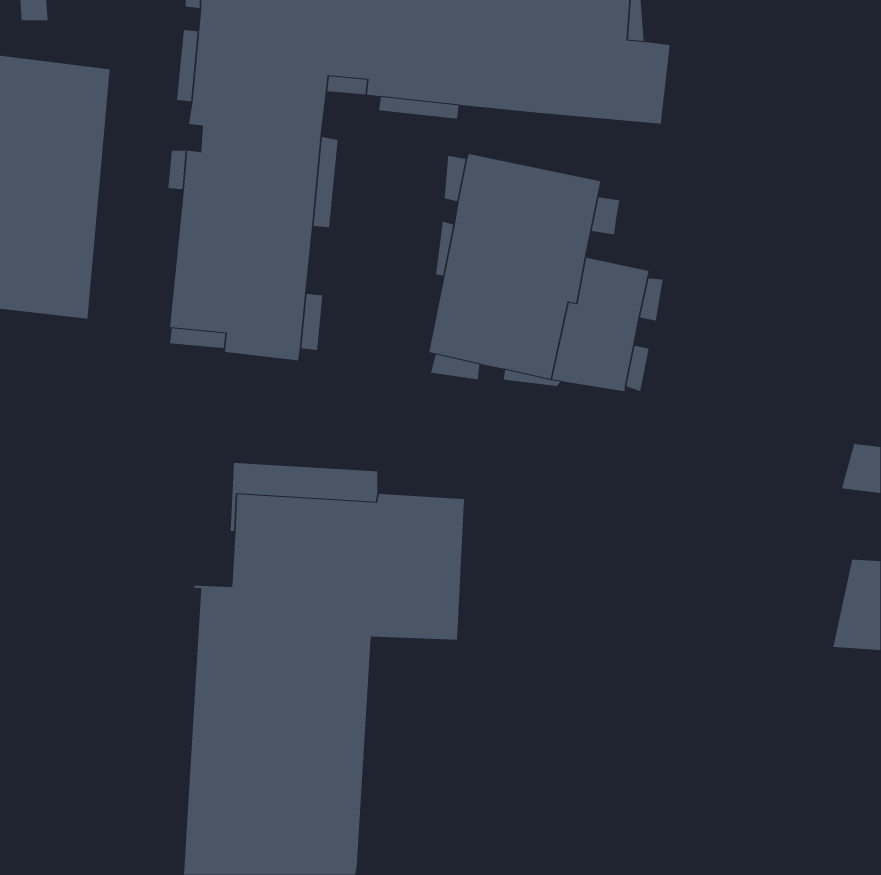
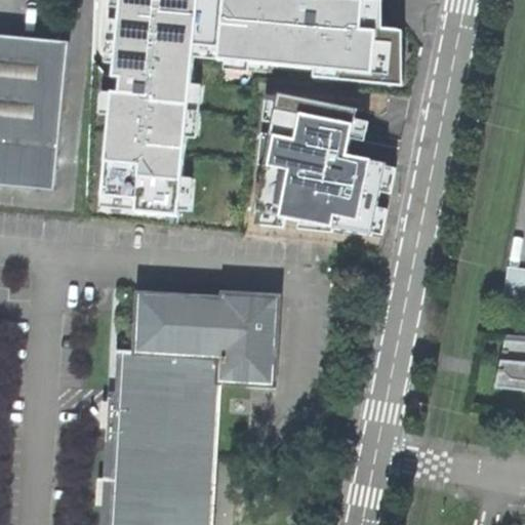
building: none -> [314,29,402,83]

